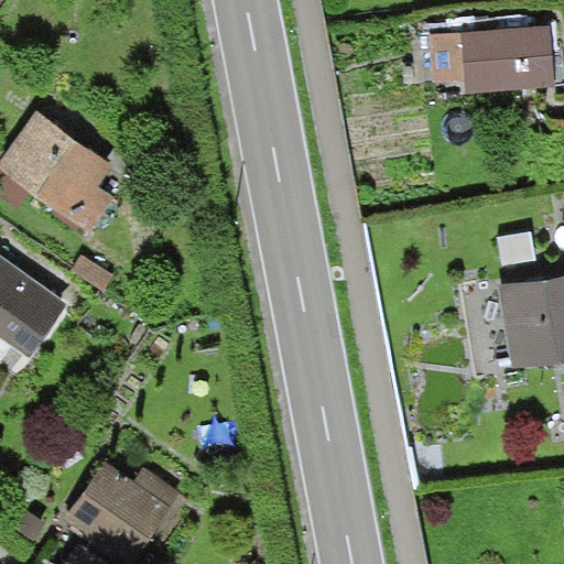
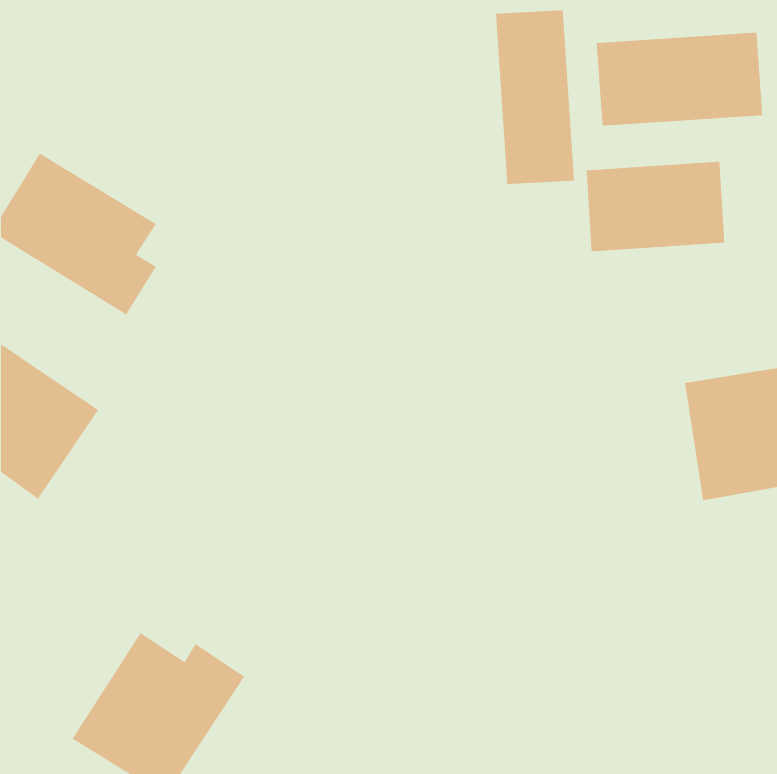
building: none -> [495,9,575,185]
building: none -> [586,161,725,252]

